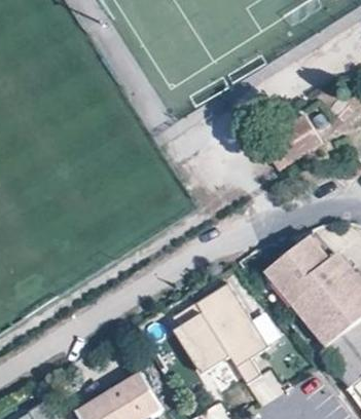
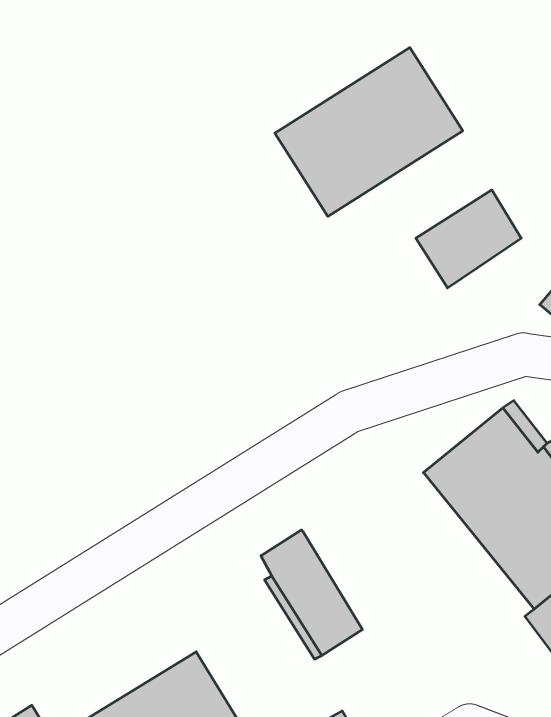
building: none -> [275,48,463,216]
building: [197,285,269,387] -> none

